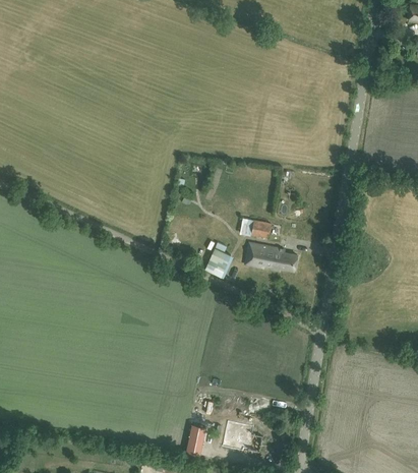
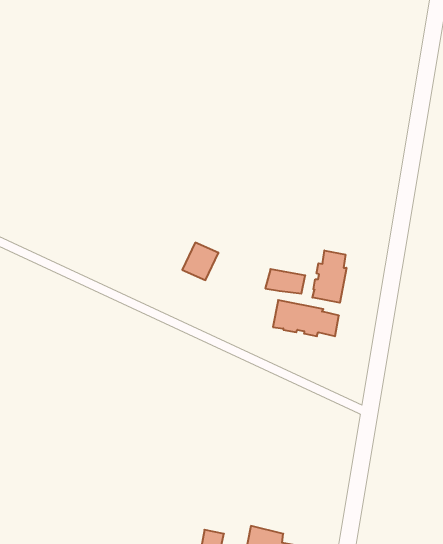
building: none -> [312,250,346,303]
building: [204,247,233,277] -> [182,243,219,280]

